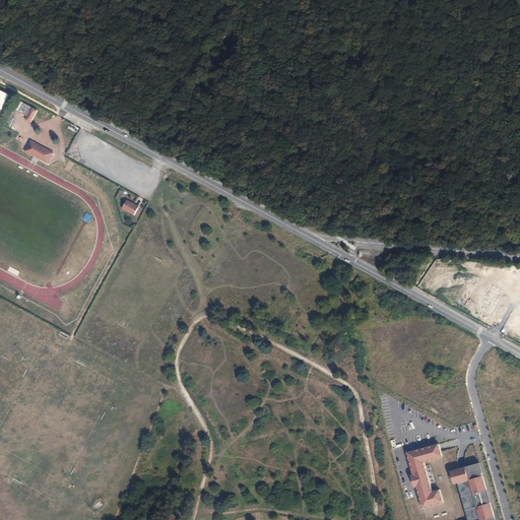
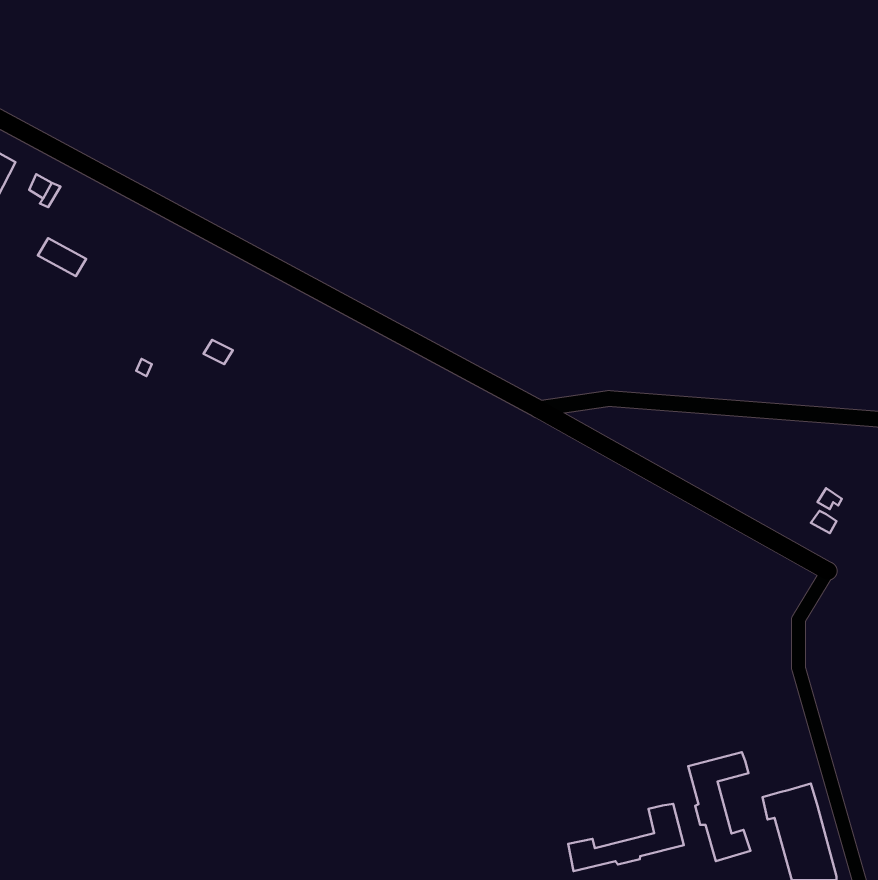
building: none -> [568,804,684,871]

